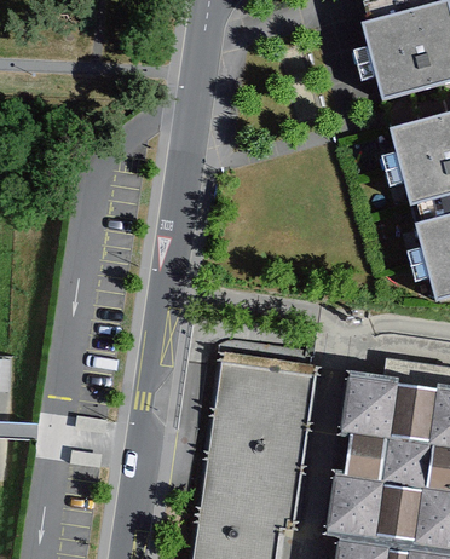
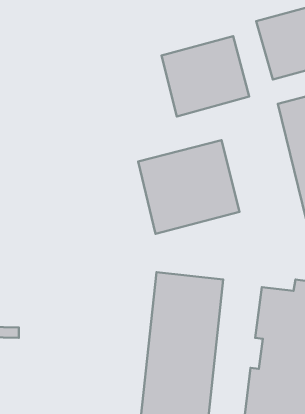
building: none -> [162,36,249,116]
building: none -> [138,140,240,234]

